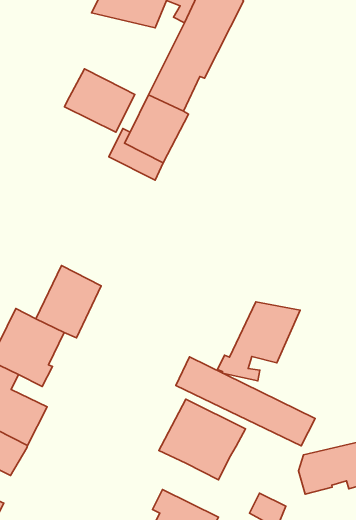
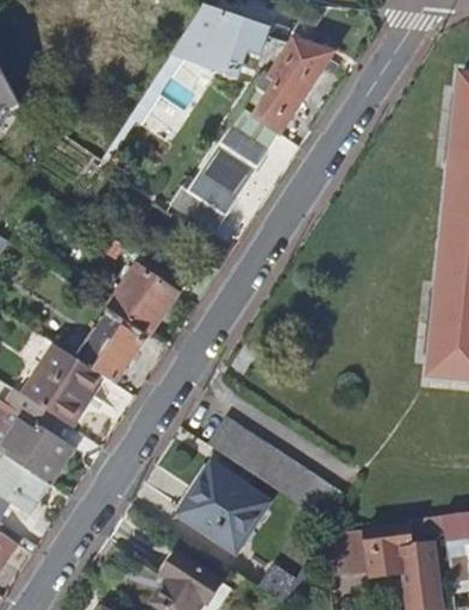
building: [64,69,135,132] -> none
building: none -> [110,266,175,332]
building: [217,302,300,381] -> none

